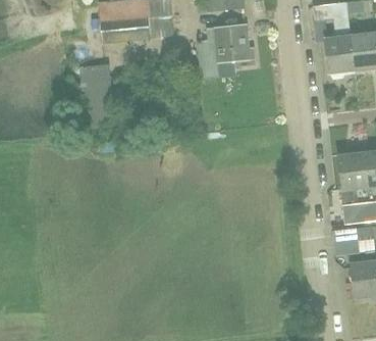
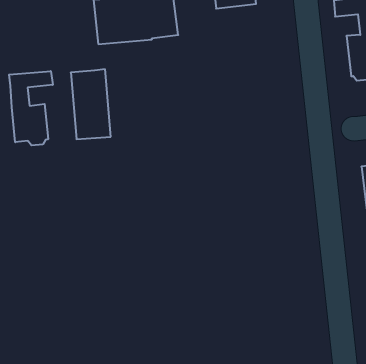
building: [198,23,256,80] -> none
building: none -> [9,71,53,145]

